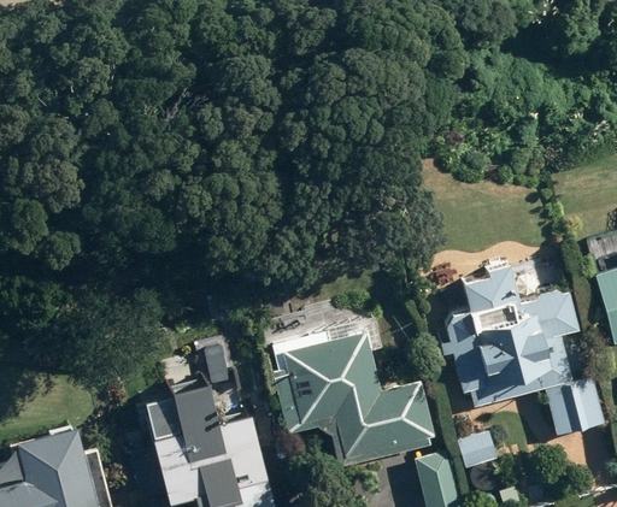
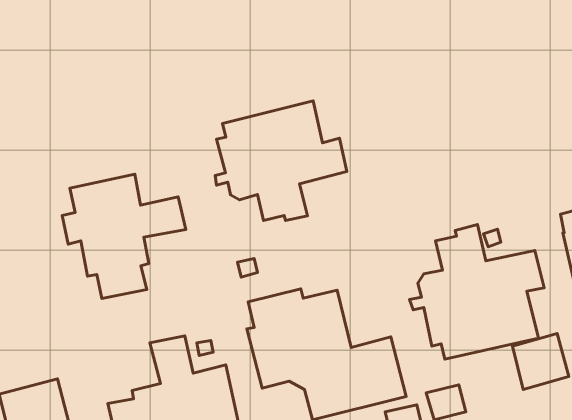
building: none -> [215,101,347,221]
building: none -> [62,174,186,299]

